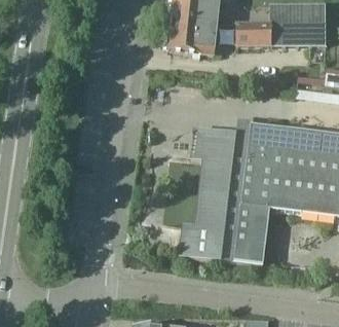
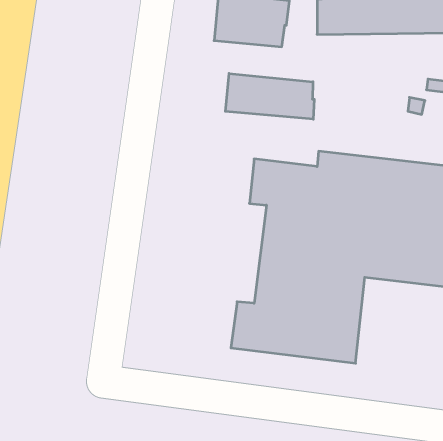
building: none -> [225,73,314,119]

